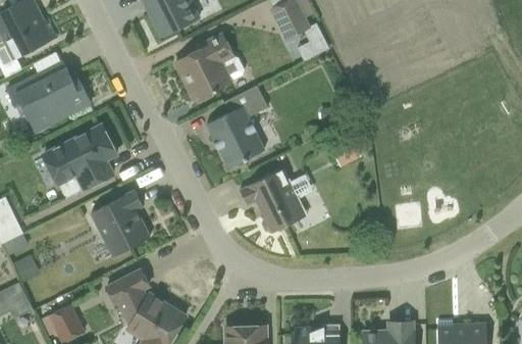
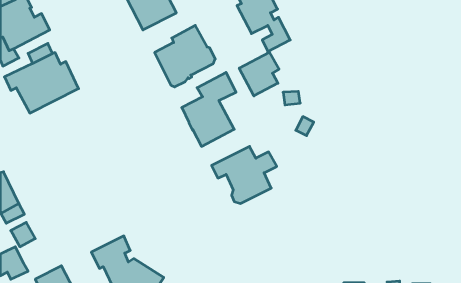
building: none -> [239,52,279,96]
building: [41,125,116,198] -> none
building: [90,190,150,256] -> none

